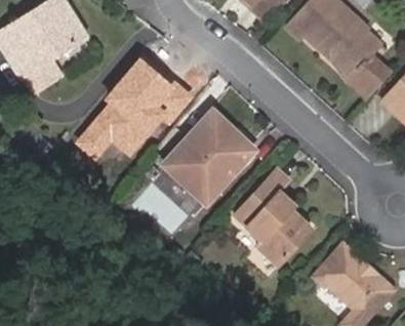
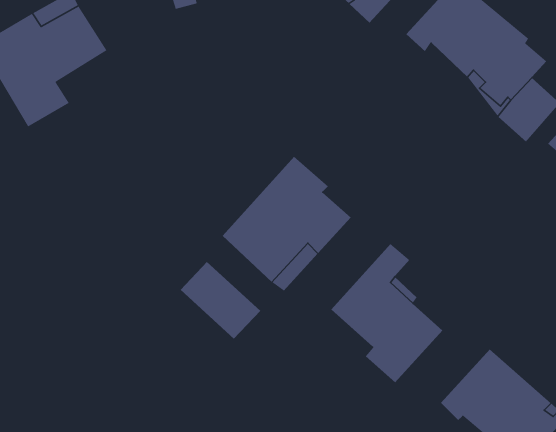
building: [77,53,193,159] -> none

